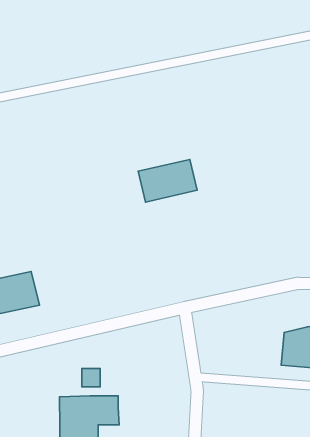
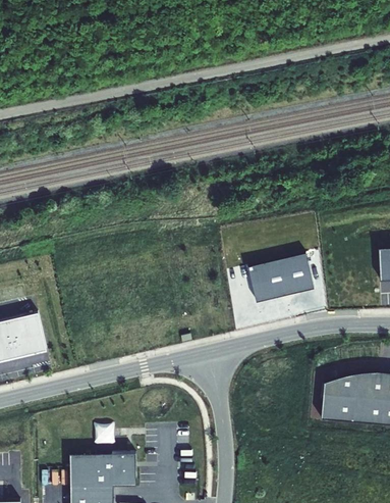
building: [138,159,197,202] -> [247,253,314,301]

